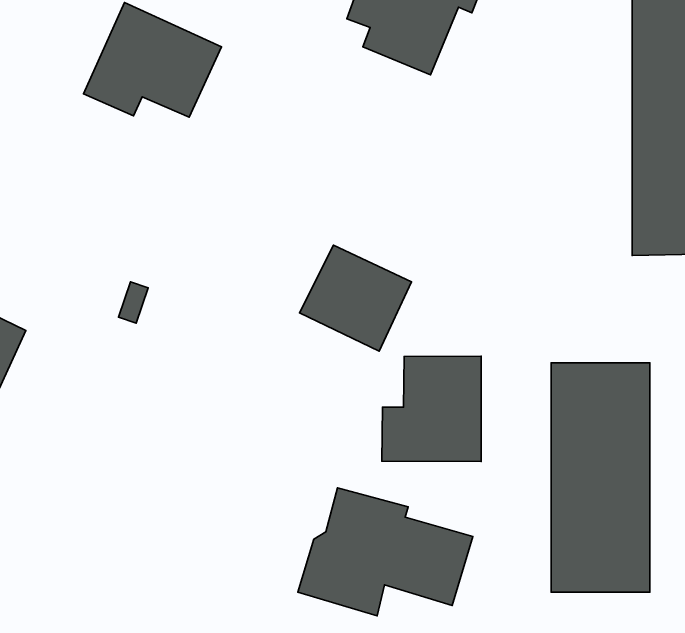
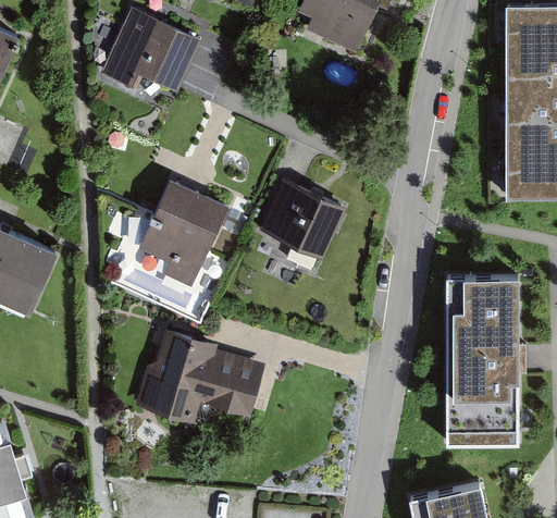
building: none -> [139,185,226,293]
building: [382,356,481,461] -> none
building: [298,488,473,616] -> [136,329,265,423]

